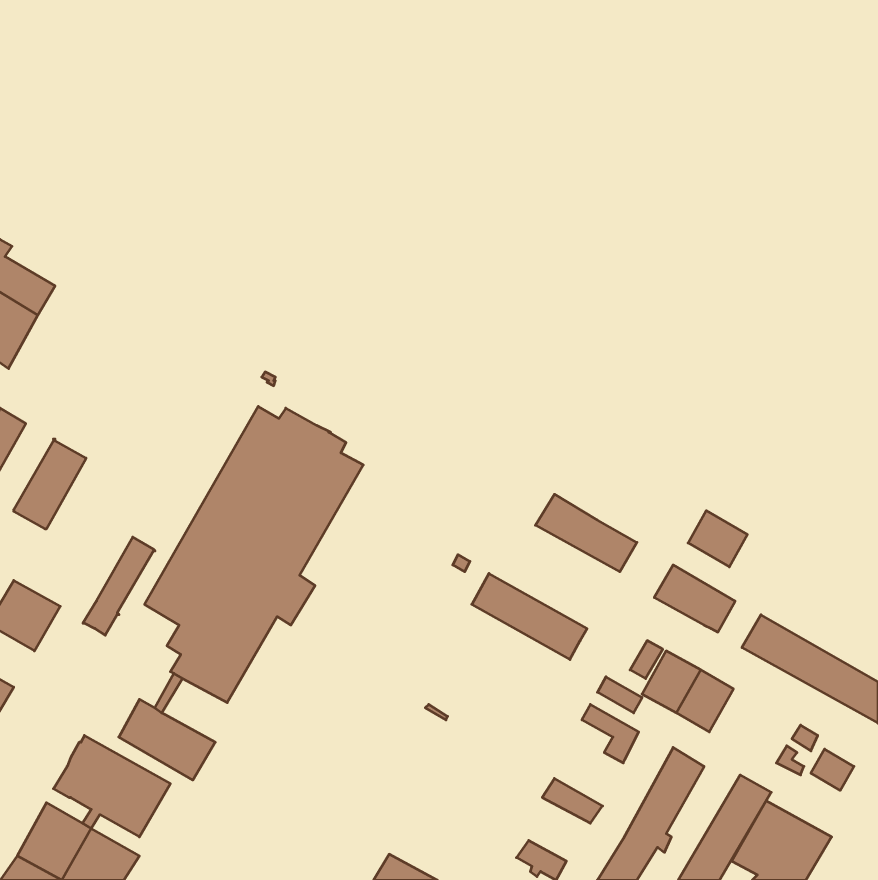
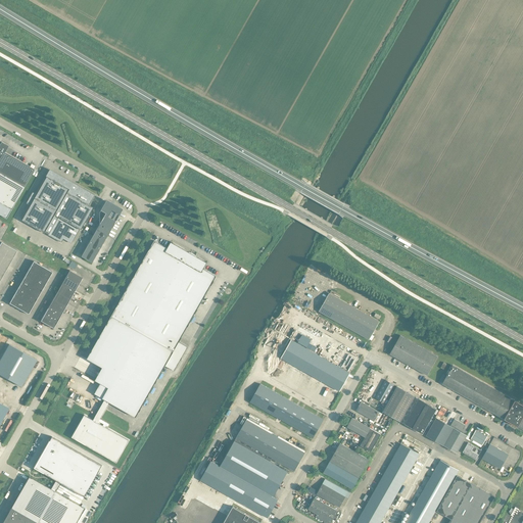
building: none -> [20,170,93,235]
building: none -> [80,201,121,262]
building: [688,511,747,567] -> none
building: [83,537,155,635] -> [39,270,82,328]
building: none -> [249,384,322,437]
building: none -> [425,418,466,453]
building: none -> [199,419,303,518]
building: none -> [329,443,368,478]
building: none -> [316,479,349,507]

